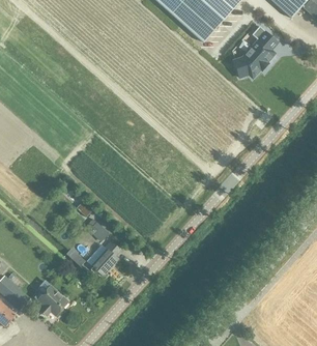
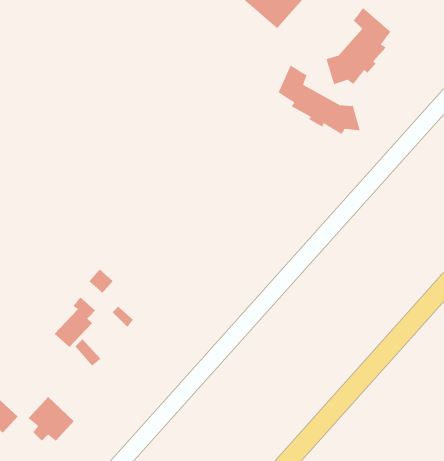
building: none -> [278,64,360,135]
building: [92,240,120,275] -> [54,297,96,348]

